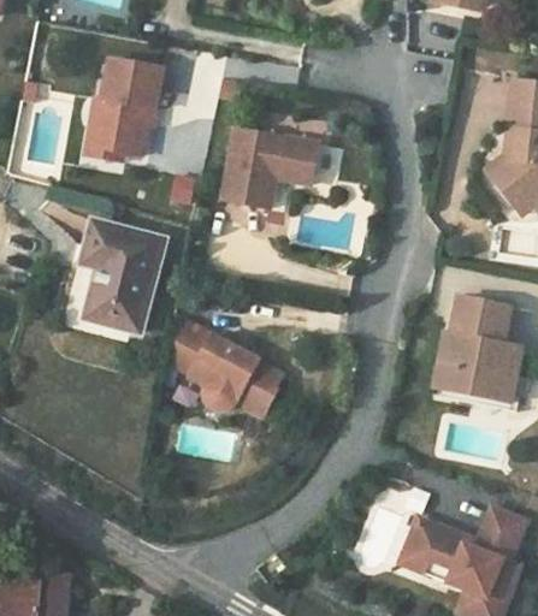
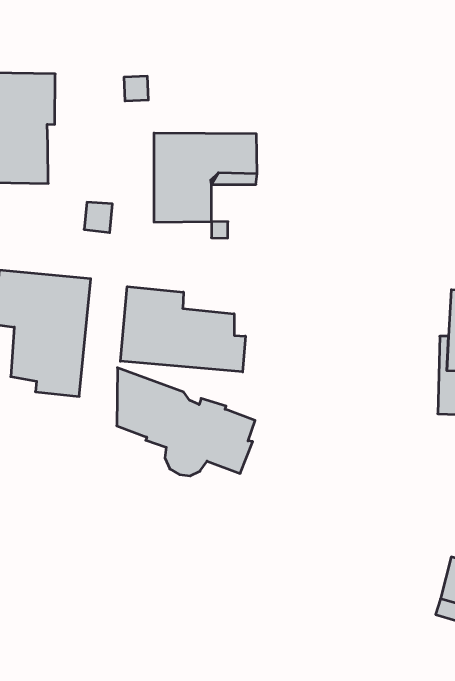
building: none -> [120,287,245,372]

